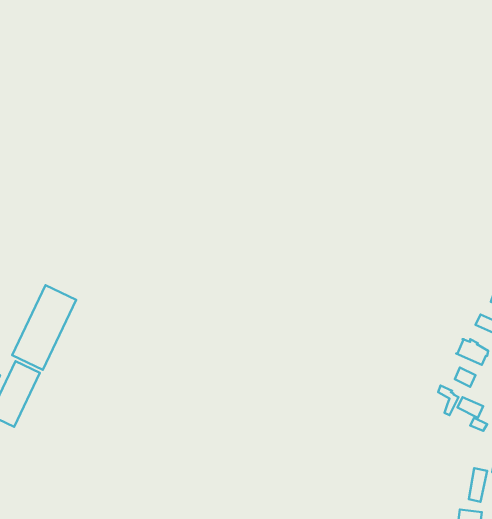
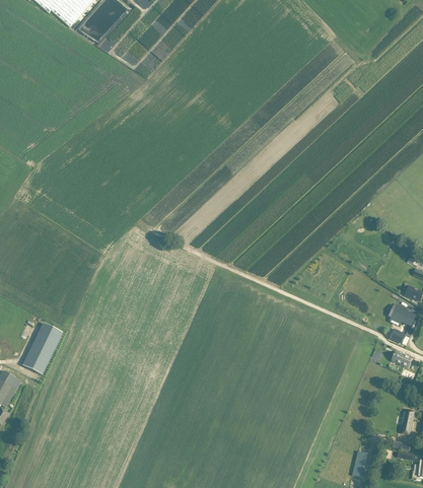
building: [12,285,76,370] -> none

